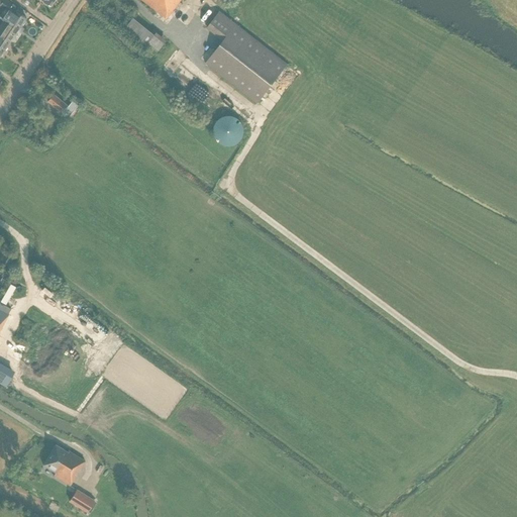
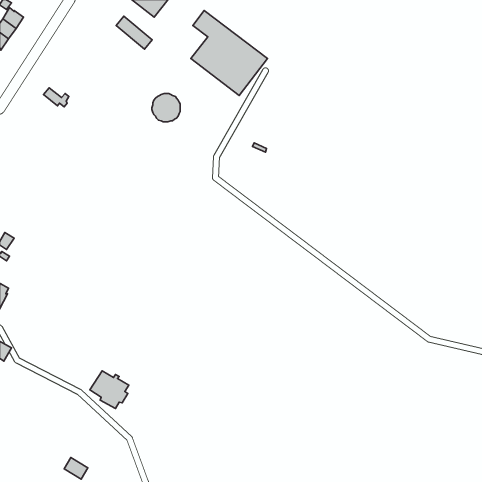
building: [212,115,242,145] -> [152,94,180,122]
building: [41,444,83,485] -> [90,371,129,409]

